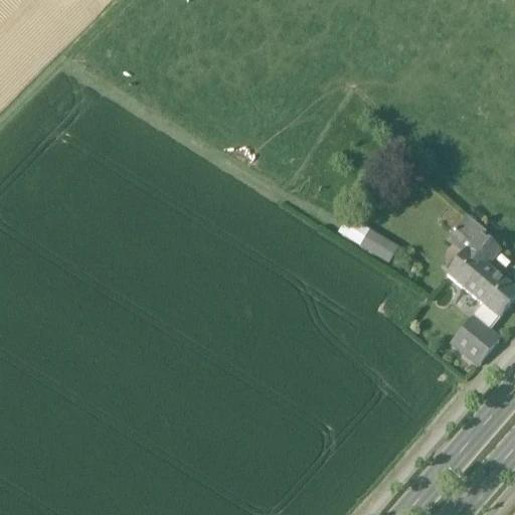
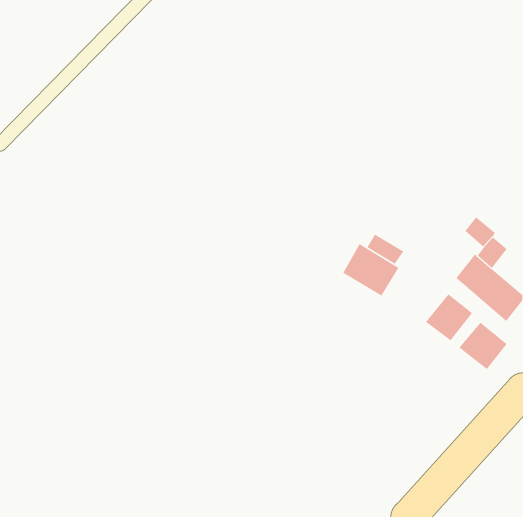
building: none -> [342,243,399,296]
building: none -> [425,293,473,341]

